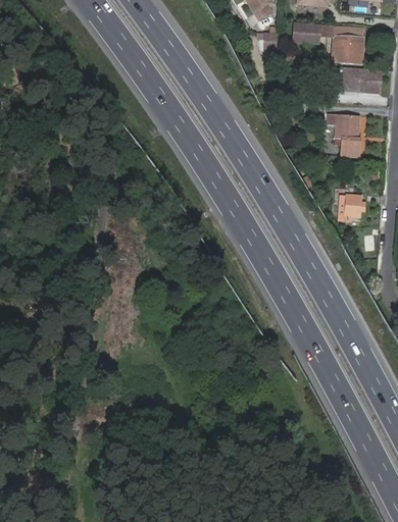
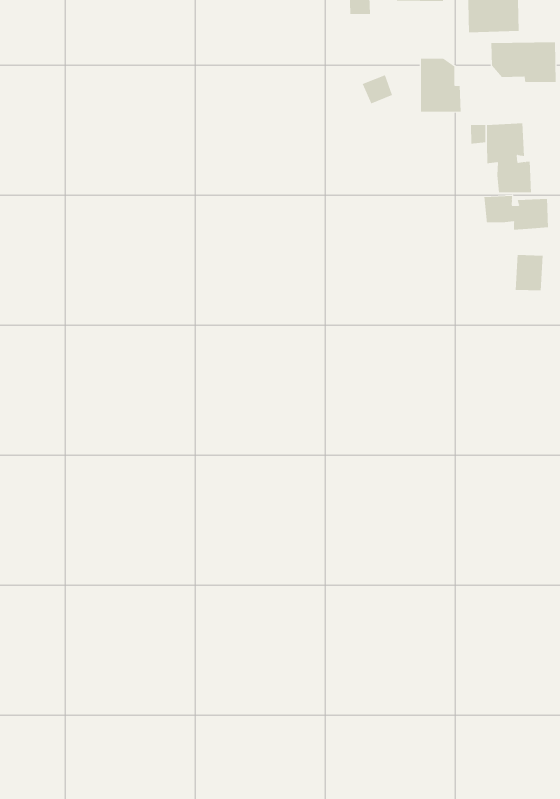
building: none -> [420,58,461,113]
building: none -> [484,195,548,230]

